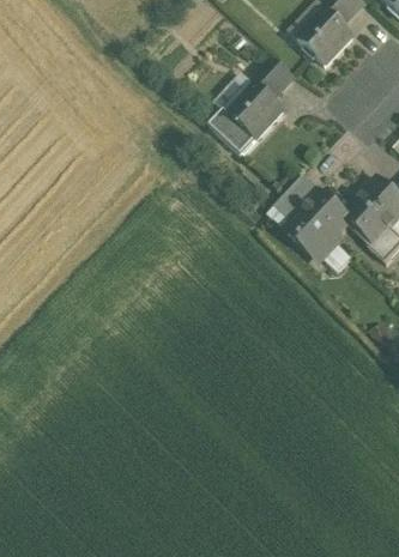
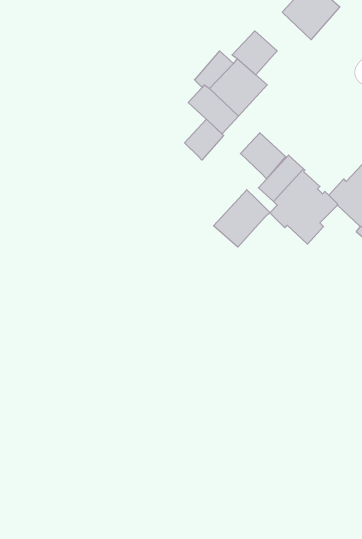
building: none -> [185,119,224,160]
building: none -> [240,133,286,179]
building: none -> [214,190,270,247]

